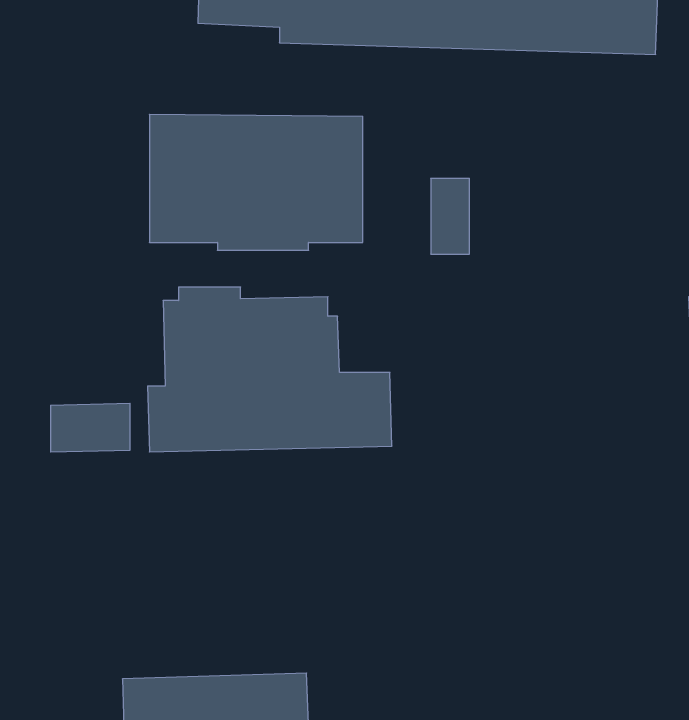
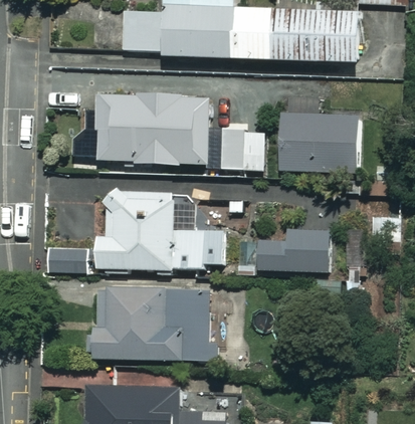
building: none -> [279,105,356,170]
building: none -> [257,204,328,269]
building: none -> [93,285,209,359]

